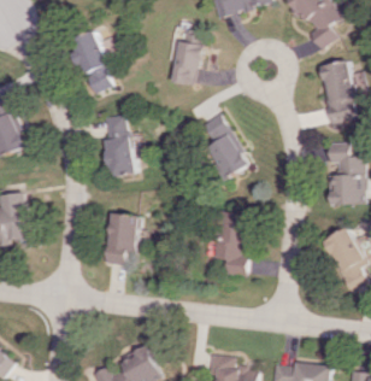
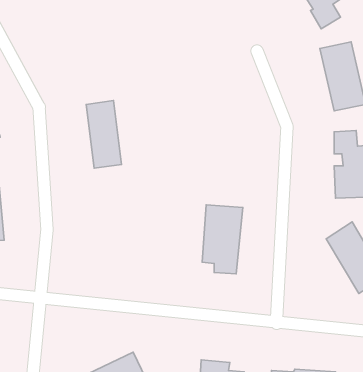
building: [169,29,201,84] -> none
building: [67,31,114,94] -> none
building: [194,113,248,178] -> none
building: [101,212,136,265] -> none

